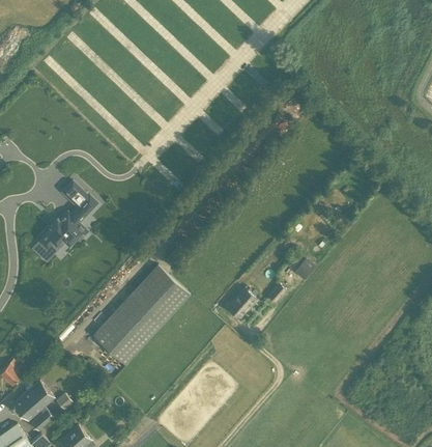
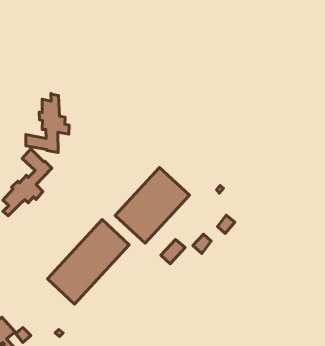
building: none -> [26,93,69,153]
building: none -> [115,168,189,243]

